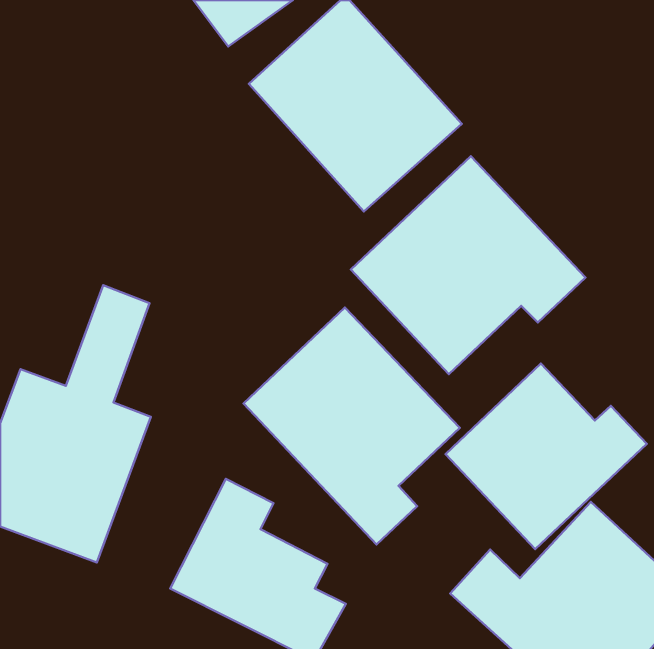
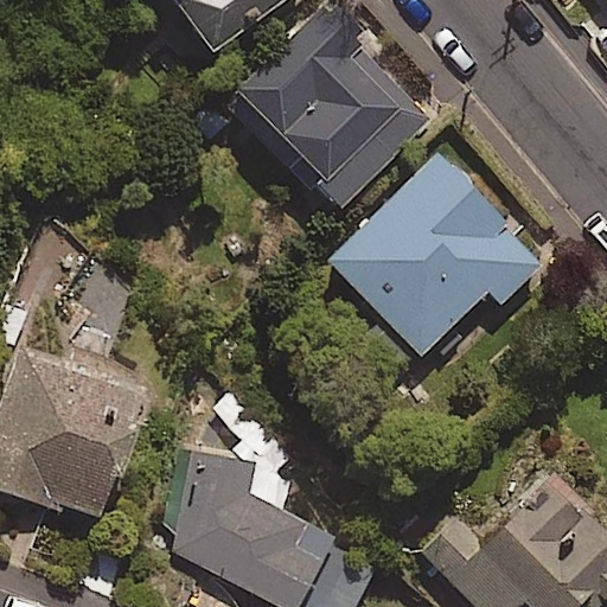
building: [243,307,460,544] -> none
building: [445,363,647,549] -> none

